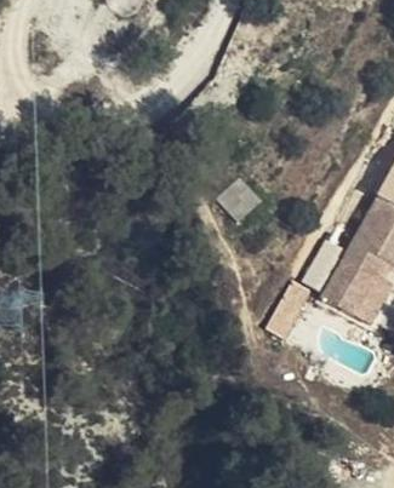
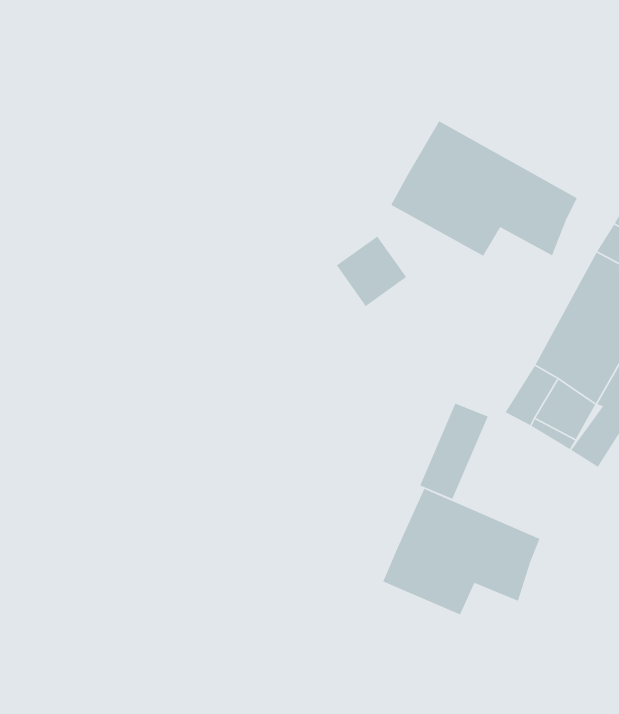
building: none -> [390,120,578,257]
building: none -> [382,488,540,615]

